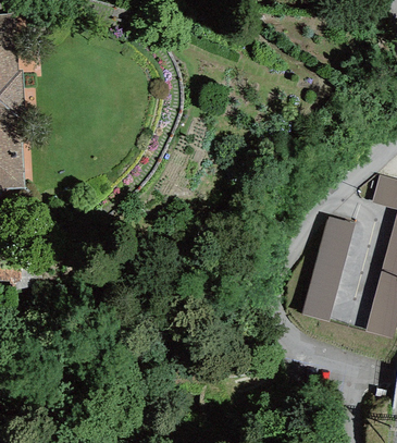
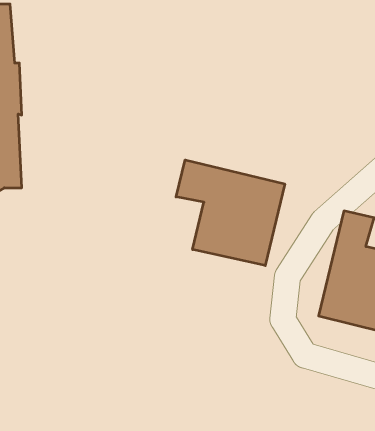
building: none -> [176,160,285,266]

